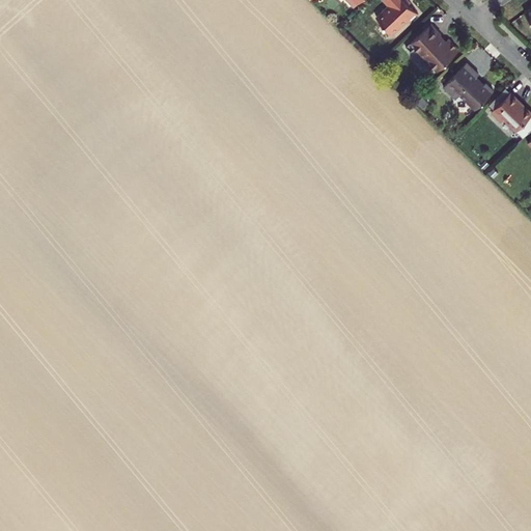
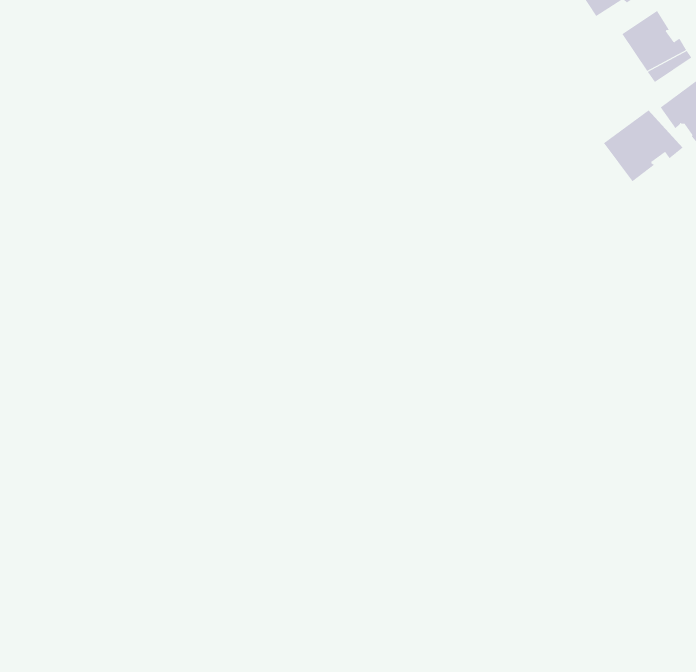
building: none -> [603,110,683,182]

